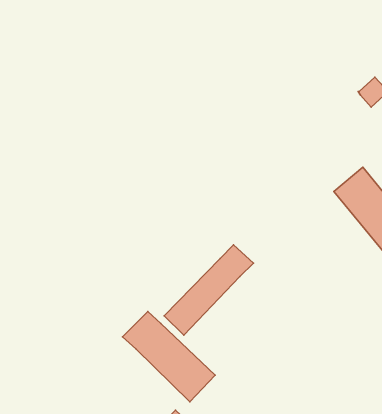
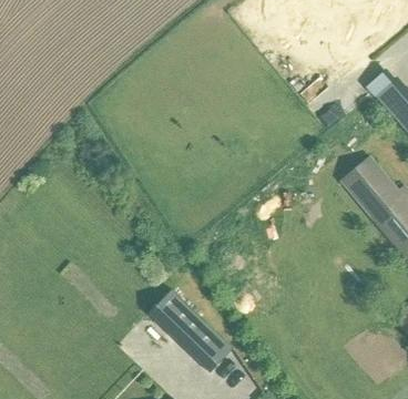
building: [164,245,253,335] -> none

